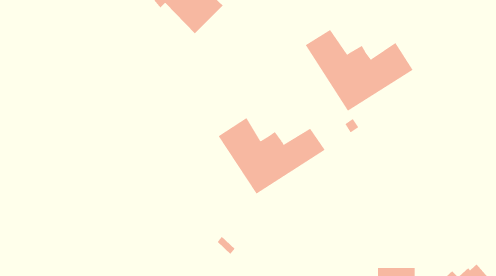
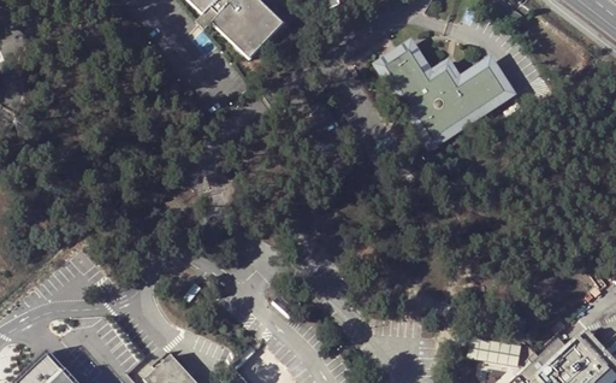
building: [218,117,325,194] -> none

